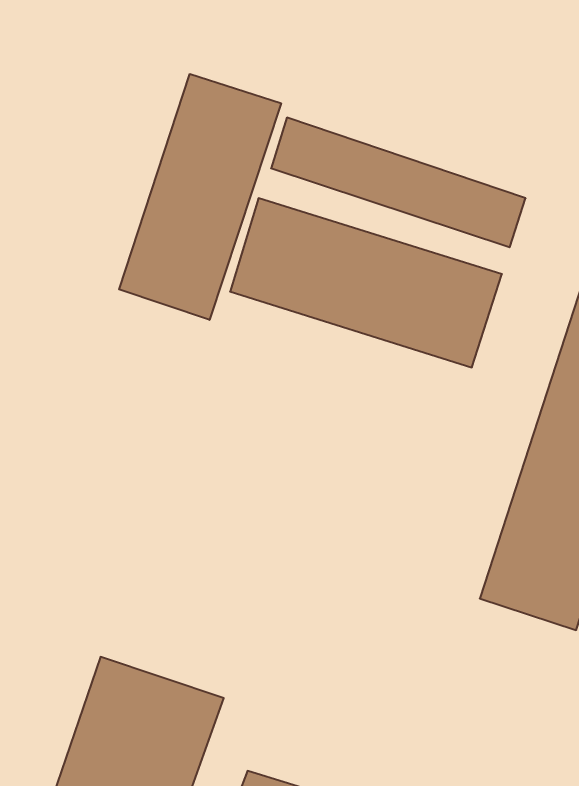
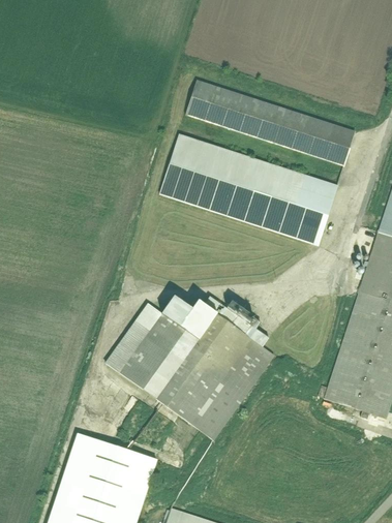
building: [119,74,281,320] -> none
building: none -> [103,296,273,440]

